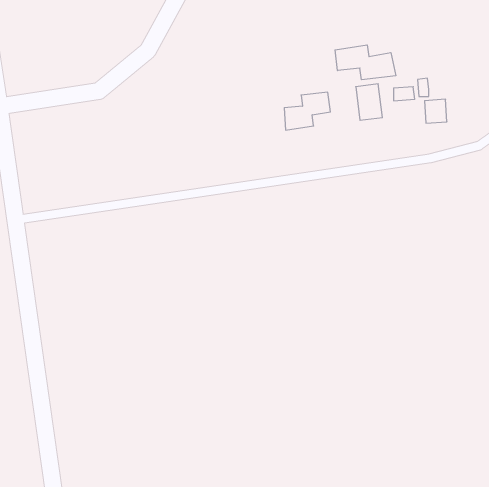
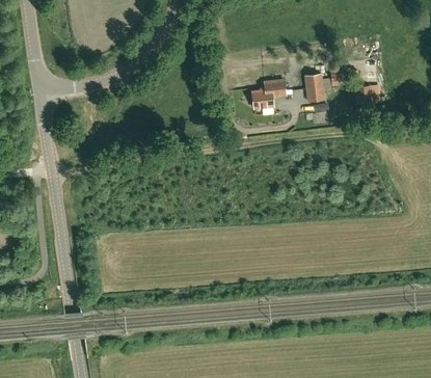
building: [335,45,396,80] -> none

